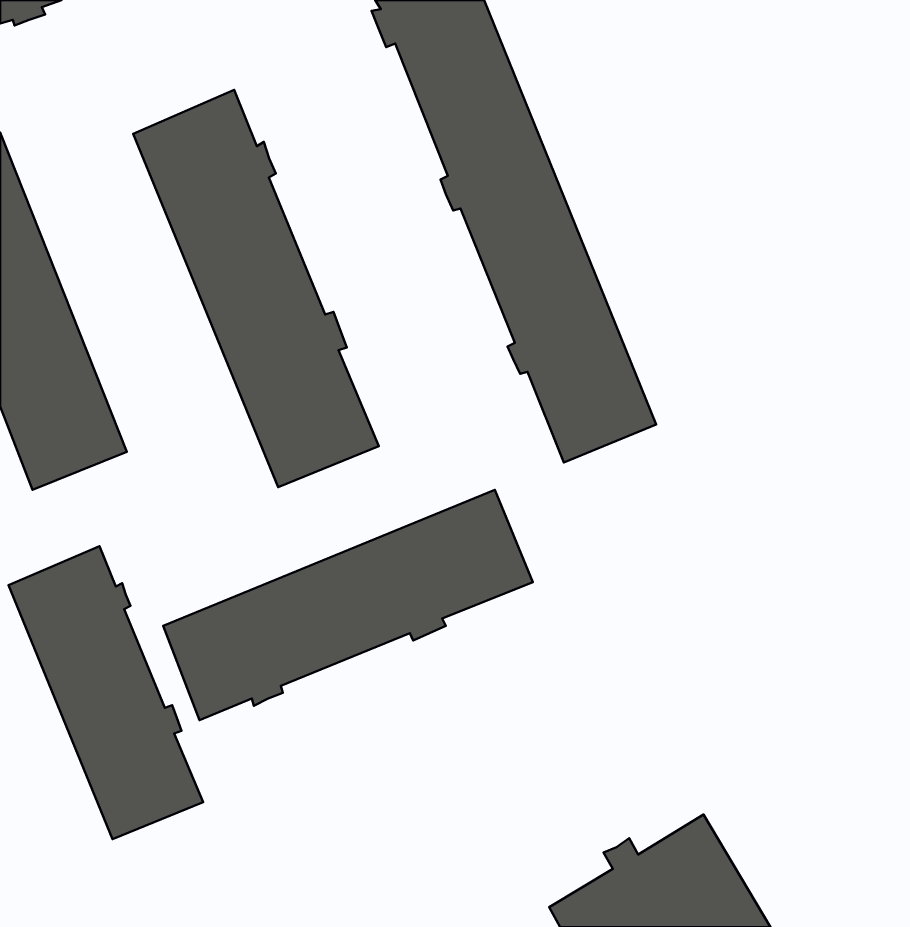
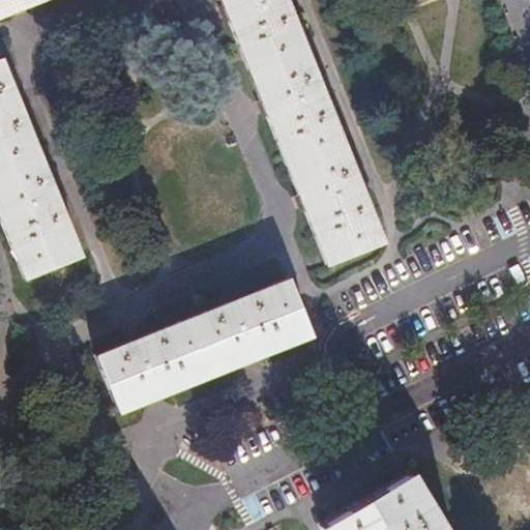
building: [133,90,379,487] -> none
building: [9,546,203,839] -> none

